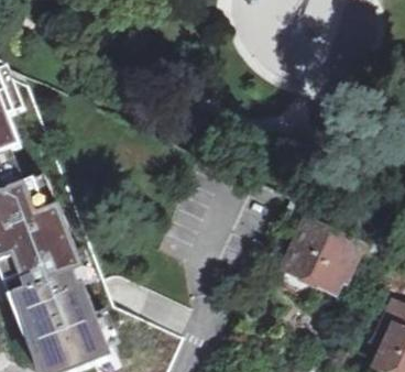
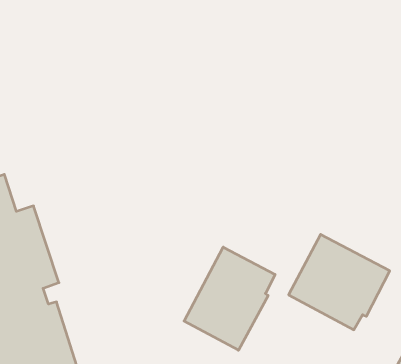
building: none -> [184,247,275,350]

